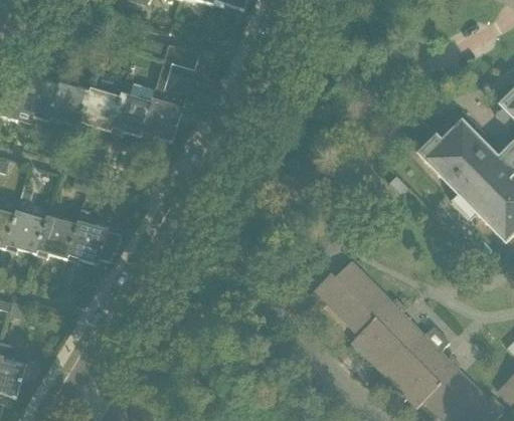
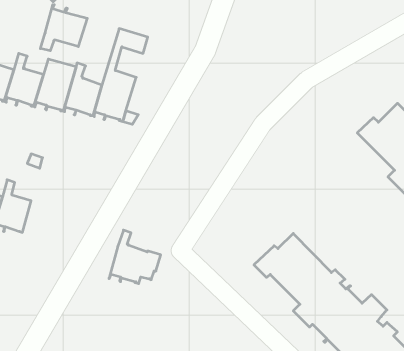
building: none -> [40,5,87,51]
building: [66,208,121,264] -> [109,230,161,284]

